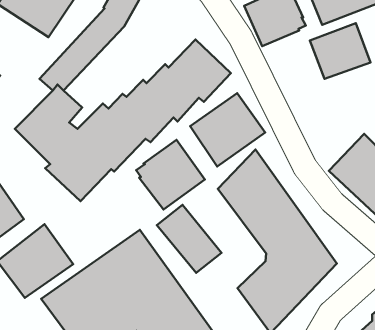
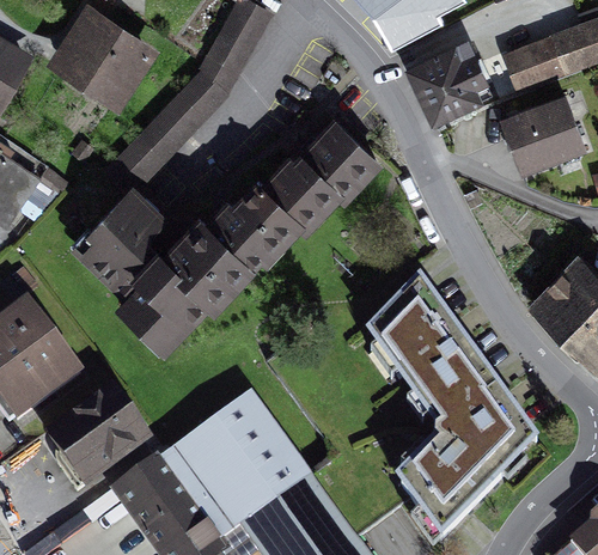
building: [190,93,265,167] -> none
building: [136,140,205,209] -> none
building: [157,205,221,273] -> none

